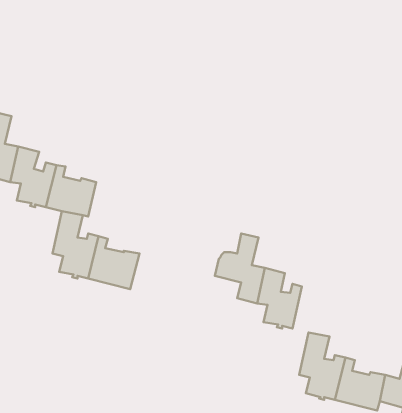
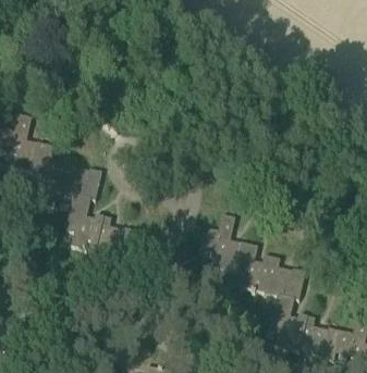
building: none -> [262,257,304,299]

